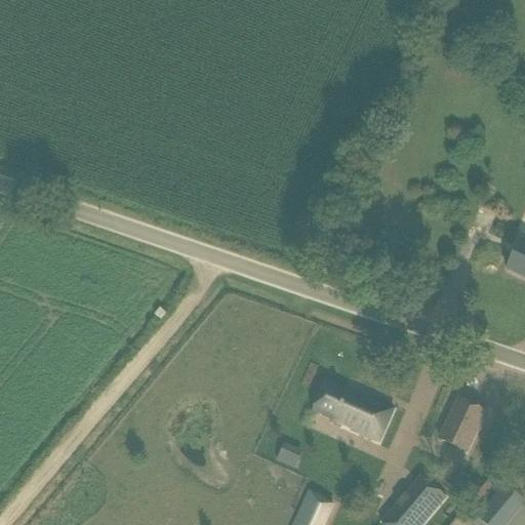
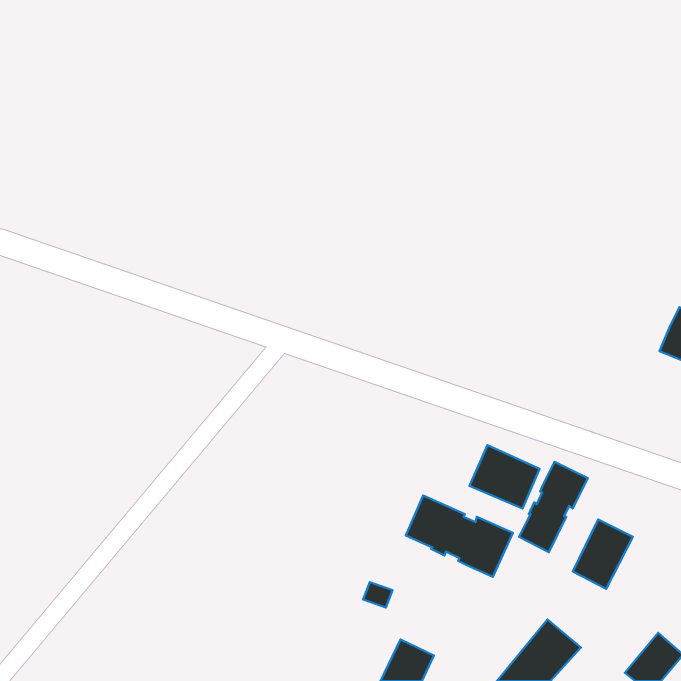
building: none -> [470,445,539,508]
building: none -> [519,462,588,552]

